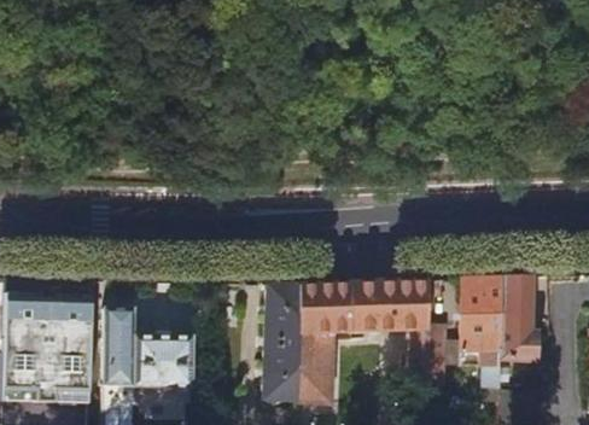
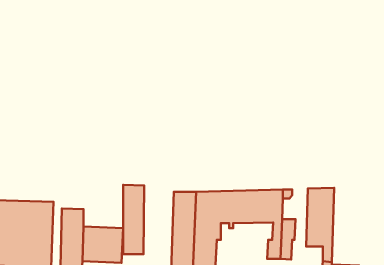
building: none -> [123,185,144,254]
building: [501,279,537,360] -> none

